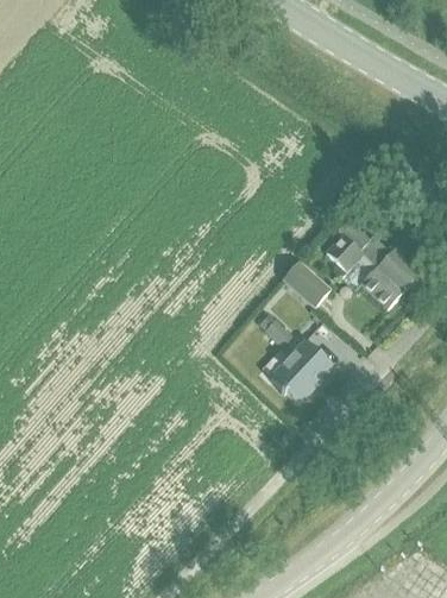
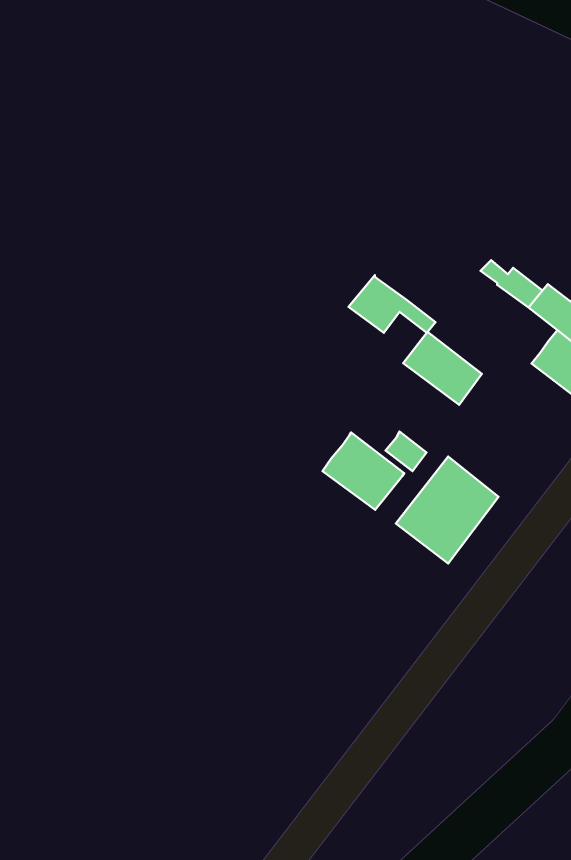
building: [326,234,378,272] -> [349,275,435,333]
building: none -> [322,433,404,510]

